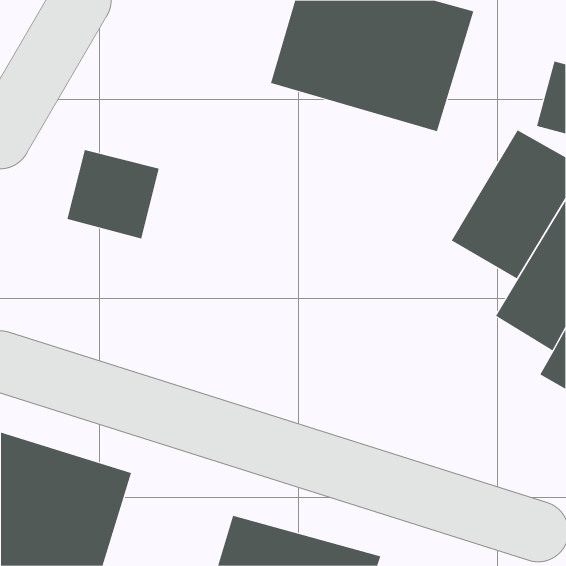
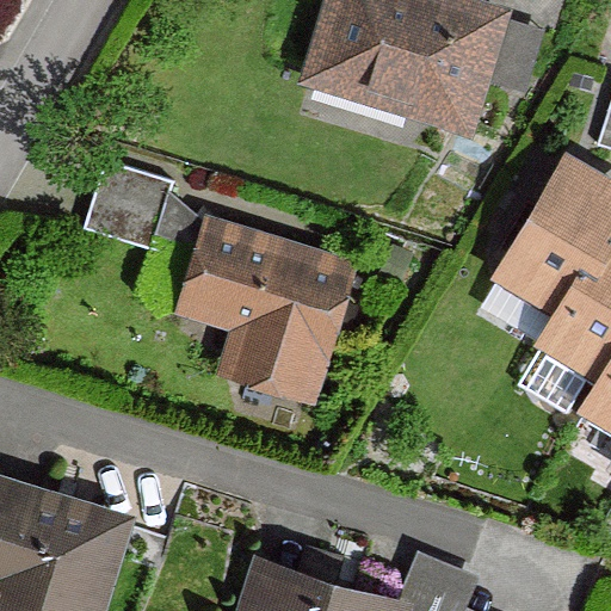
building: none -> [175,217,363,409]

